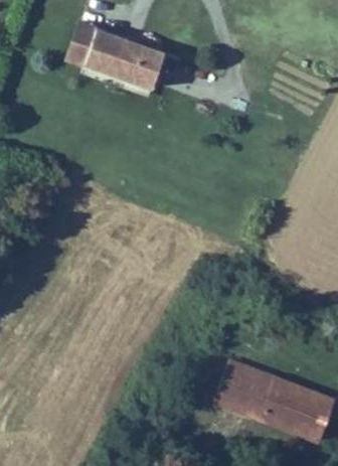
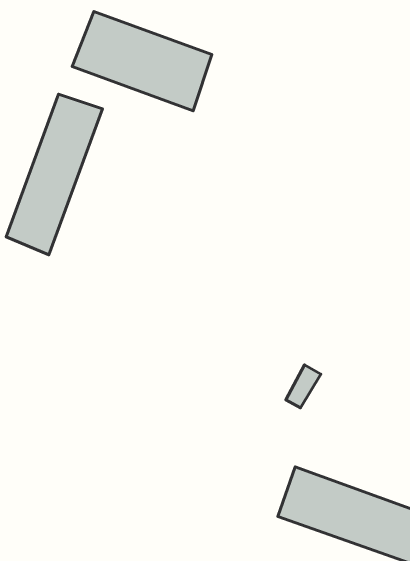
building: none -> [6,94,102,255]

